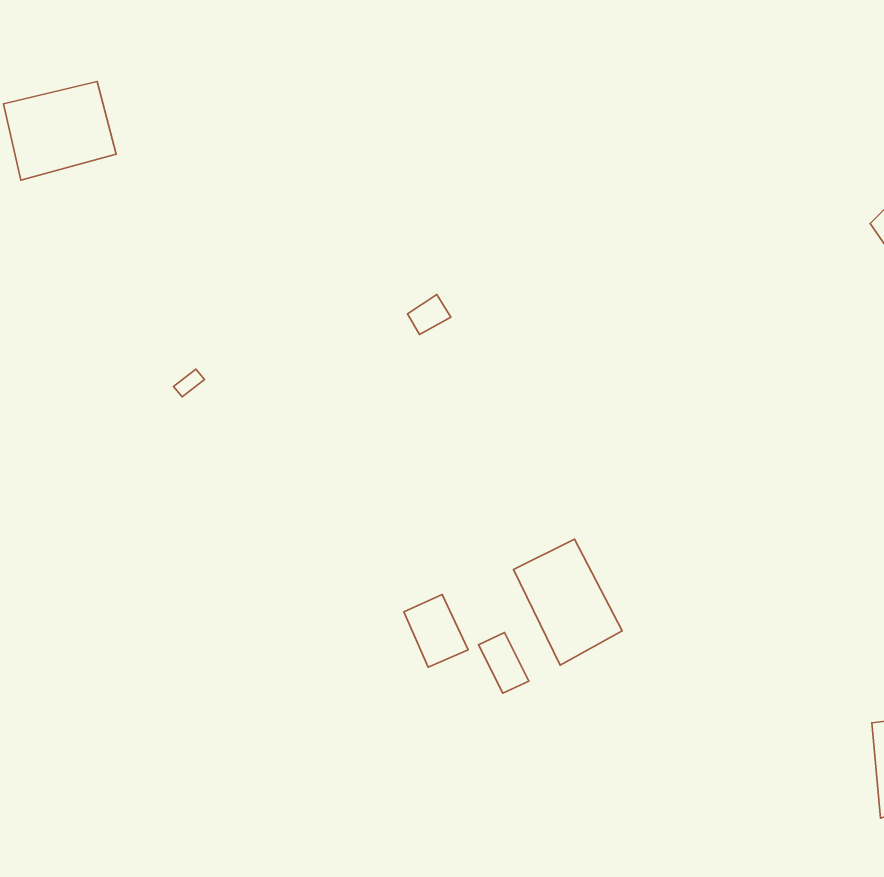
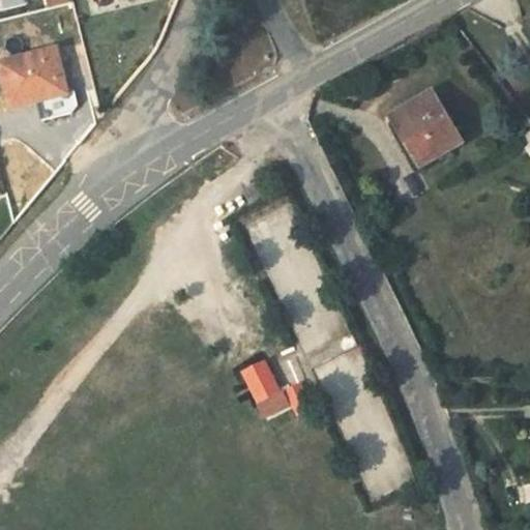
building: none -> [388,92,457,167]
building: [513,539,622,665] -> none

